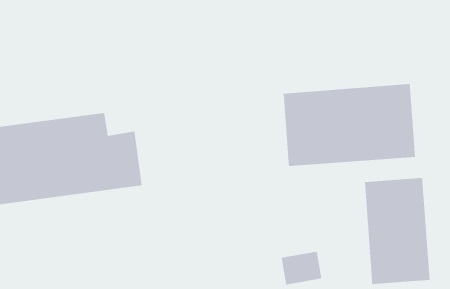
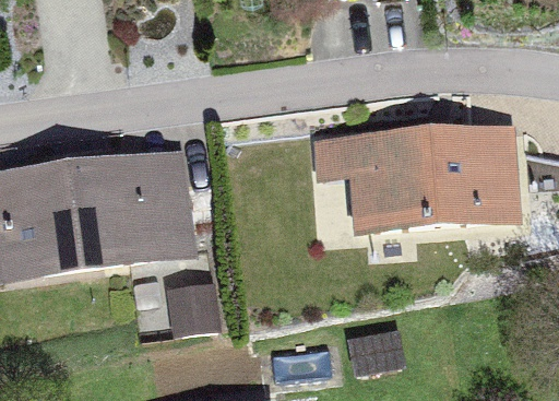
building: [364,177,430,285] -> none

